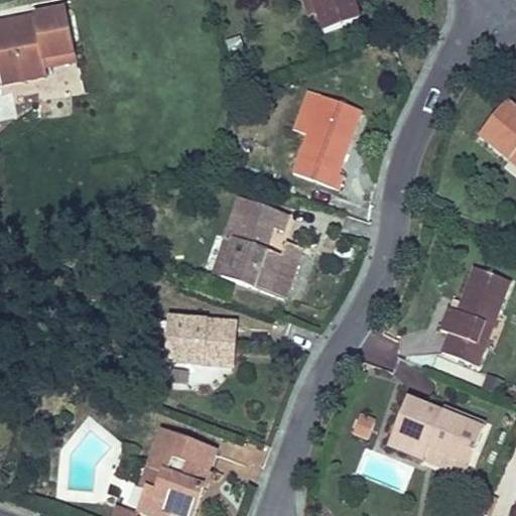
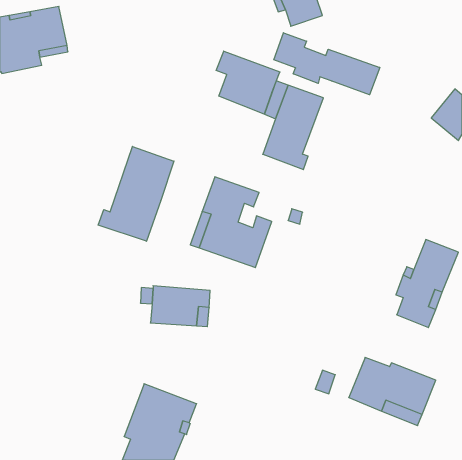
building: none -> [274,33,380,95]
building: none -> [216,51,280,114]
building: none -> [98,146,174,241]

